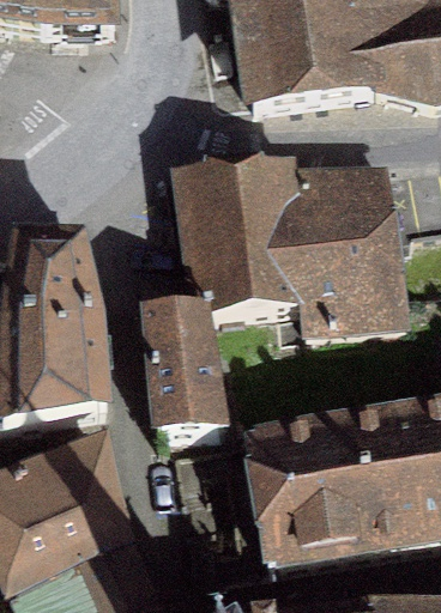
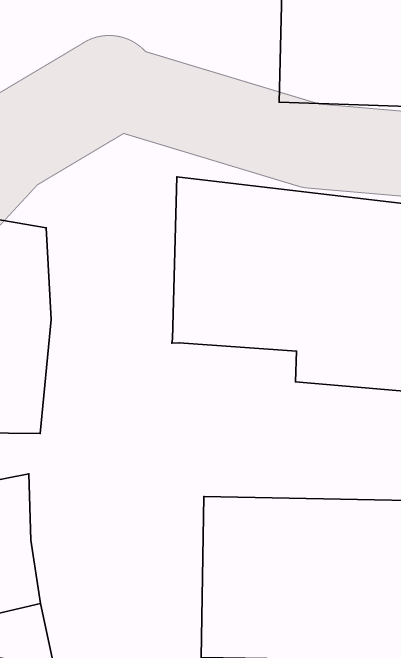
building: [144,304,222,442] -> none

